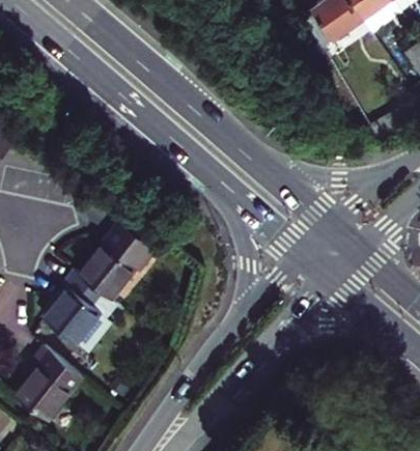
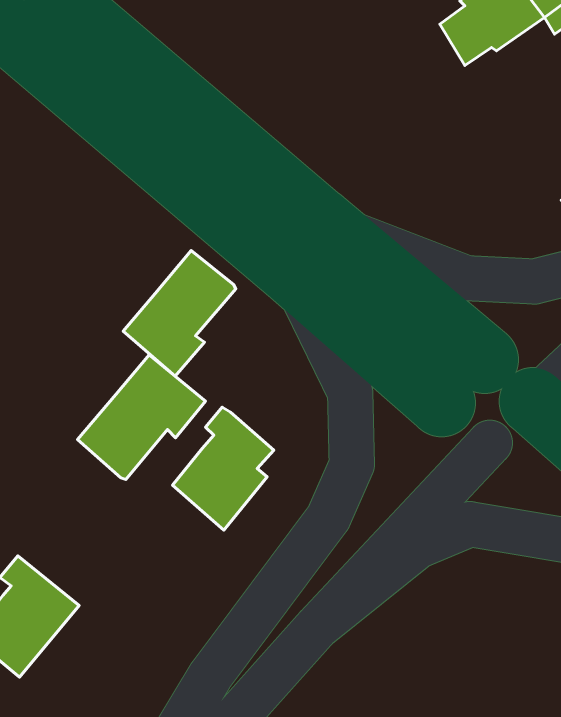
building: none -> [123,251,236,376]
building: [45,272,108,348] -> [172,407,274,530]

